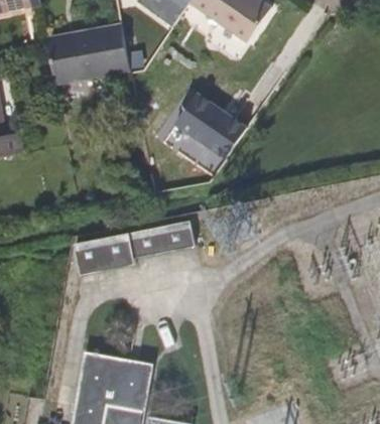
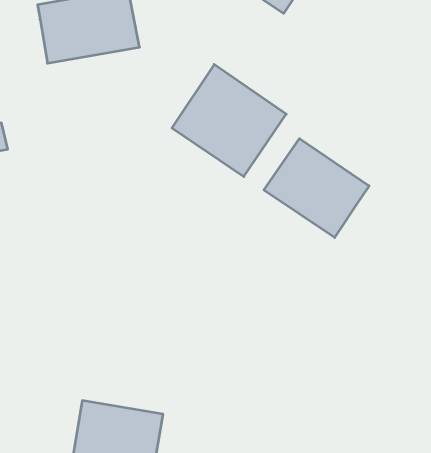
building: none -> [264,139,369,238]
building: [73,223,193,276] -> none

